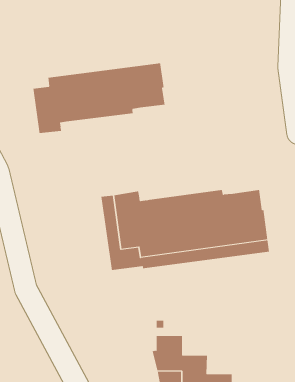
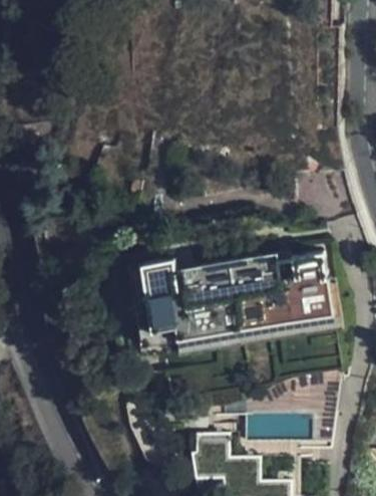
building: [33,63,165,134] -> none

